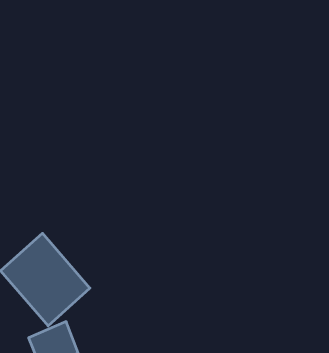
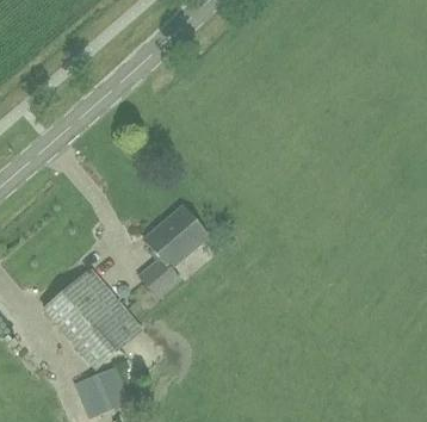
building: none -> [140,206,208,297]

